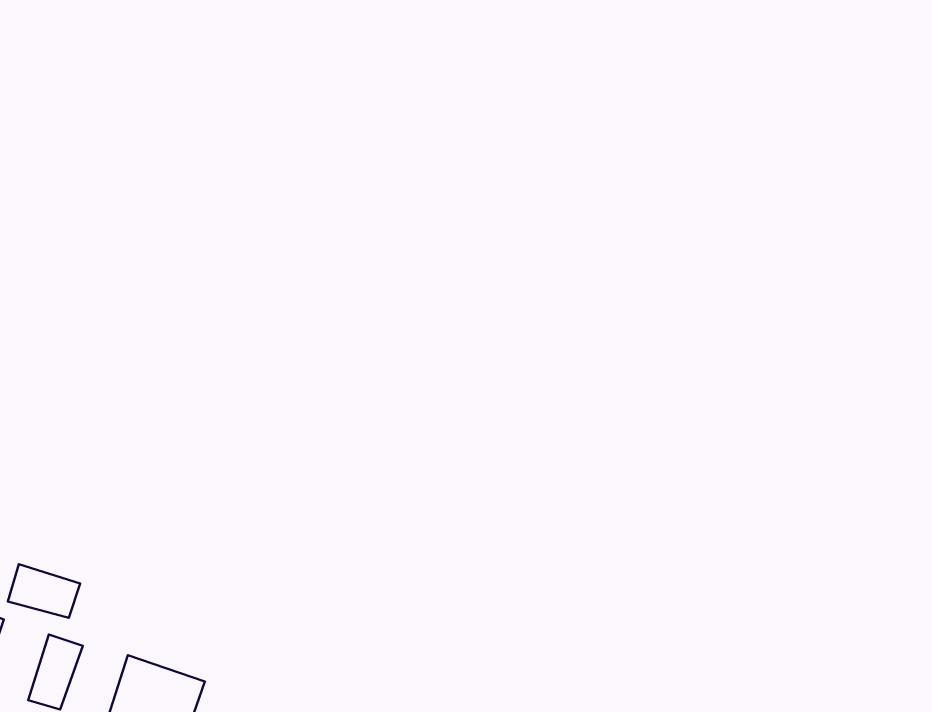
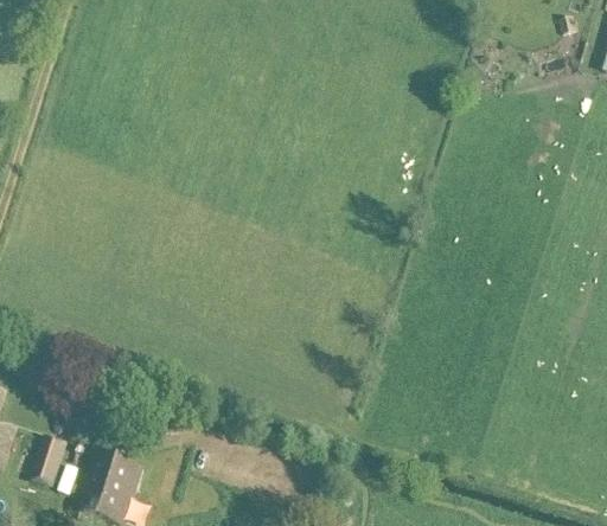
building: [8,564,80,618] -> none

